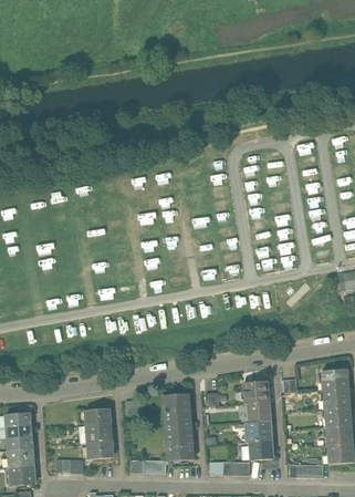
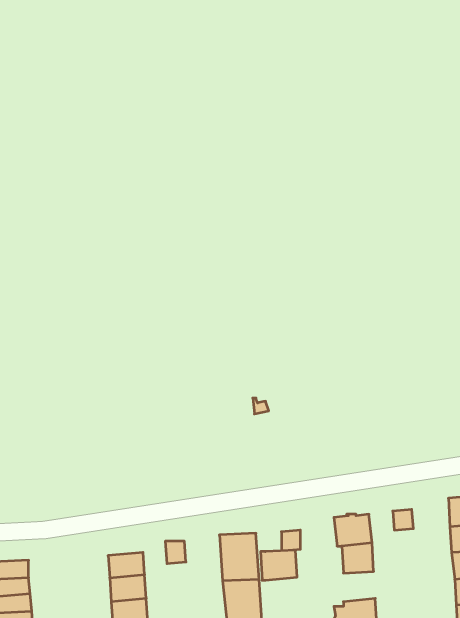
building: [246,422,271,443] -> [261,550,297,580]

